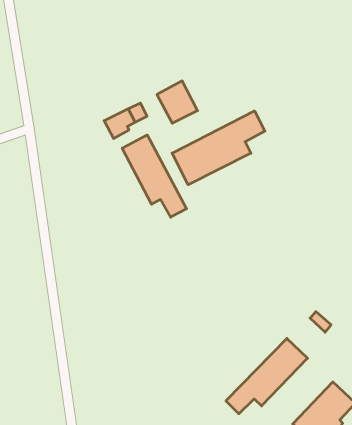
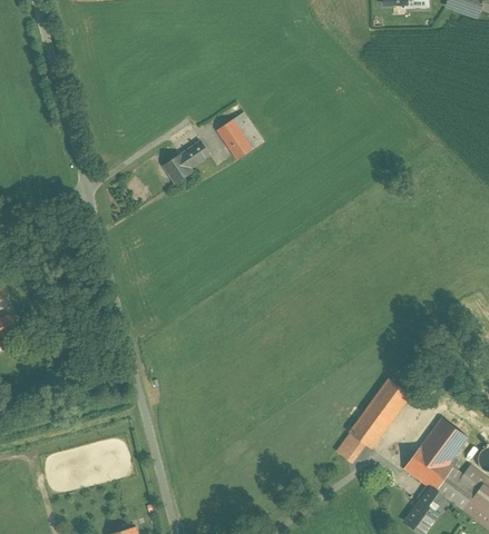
building: [172,111,265,185] -> none
building: [122,135,187,217] -> none

